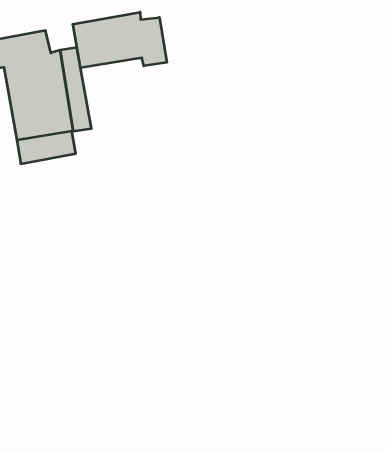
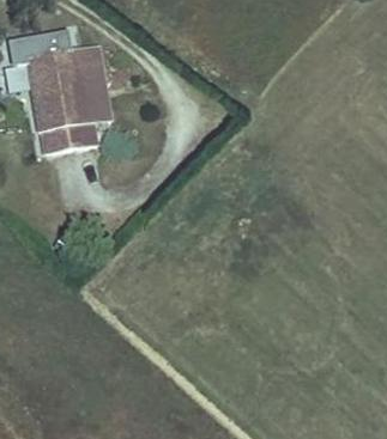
building: [73,12,167,68] -> none

